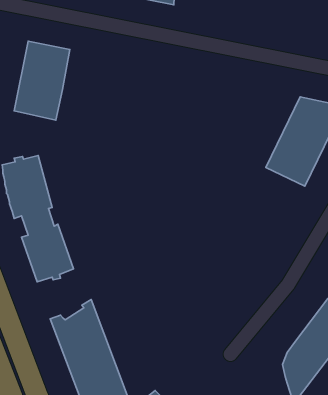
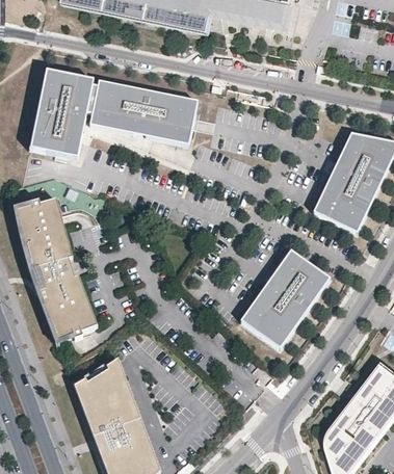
building: none -> [84,81,196,147]
building: none -> [239,252,330,350]

